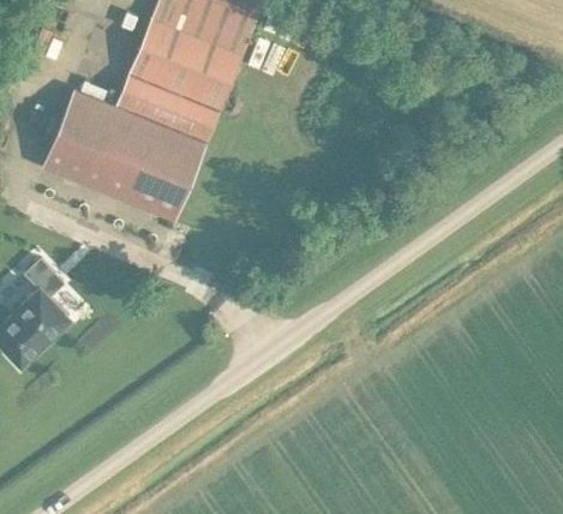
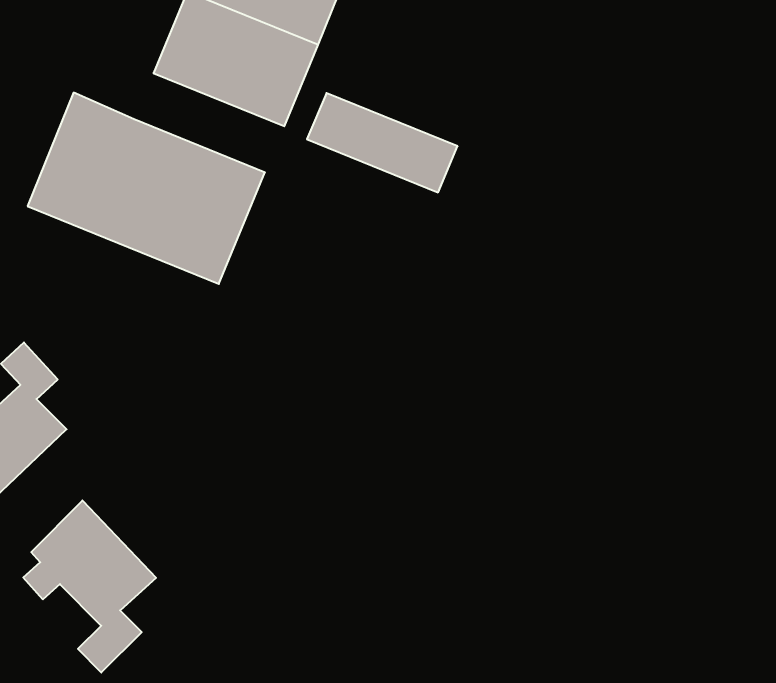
building: [115,79,217,147] -> [307,93,458,192]
building: none -> [23,500,156,673]

